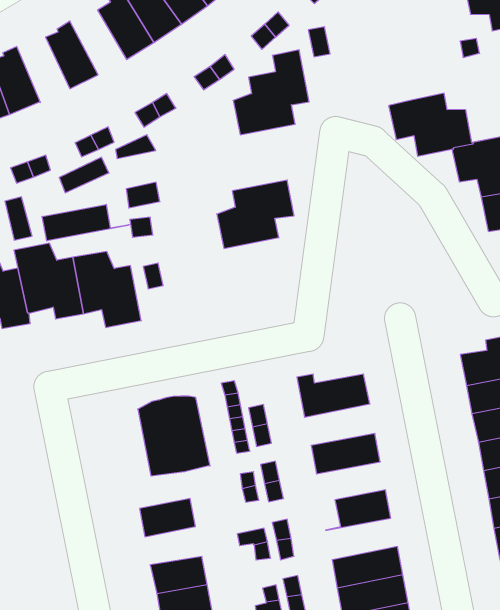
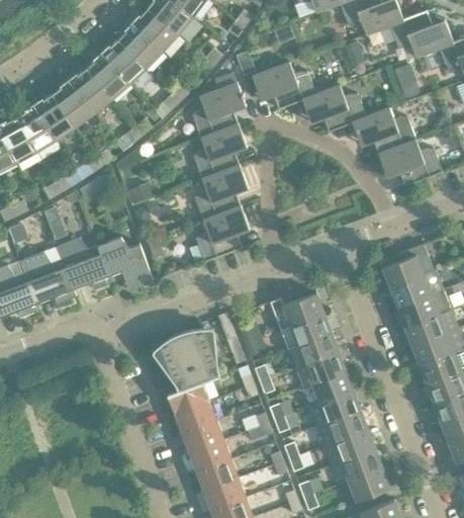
building: none -> [68,68,112,113]
building: none -> [33,93,76,140]
building: none -> [252,63,316,109]
building: none -> [193,124,248,179]
building: [42,204,129,241] -> none
building: none -> [195,206,250,262]
building: none -> [280,313,332,349]
building: none -> [295,352,346,387]
building: none -> [167,382,209,414]
building: none -> [309,391,361,427]
building: none -> [182,420,224,452]

